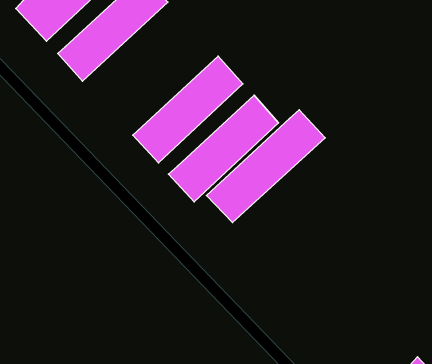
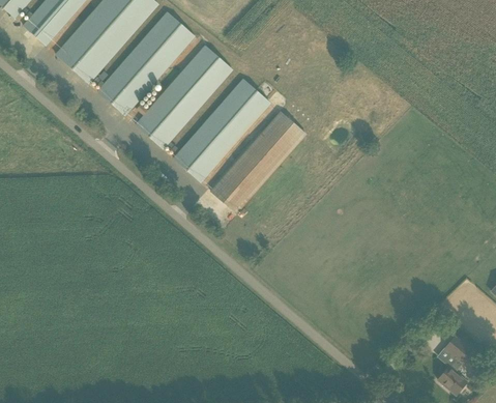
building: none -> [136,45,232,146]
building: [207,110,325,222] -> none

